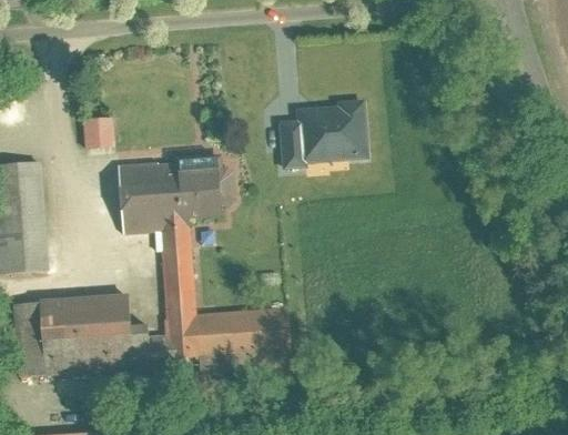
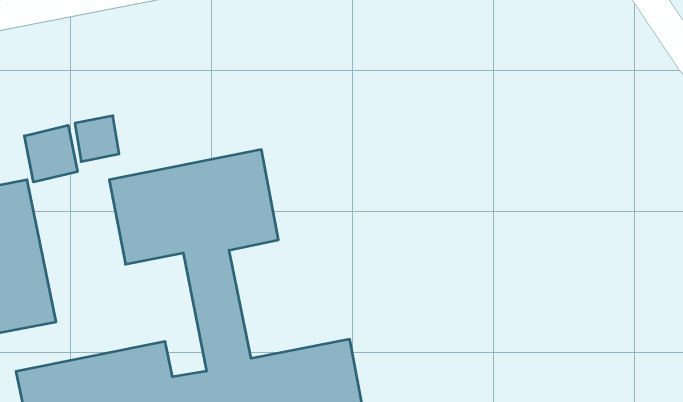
building: [288,90,364,161] -> none
building: none -> [24,125,77,182]

